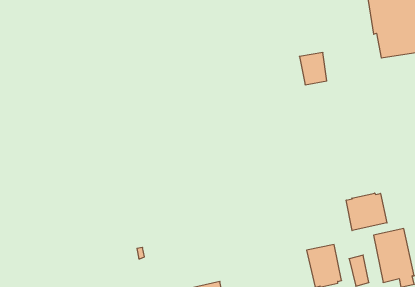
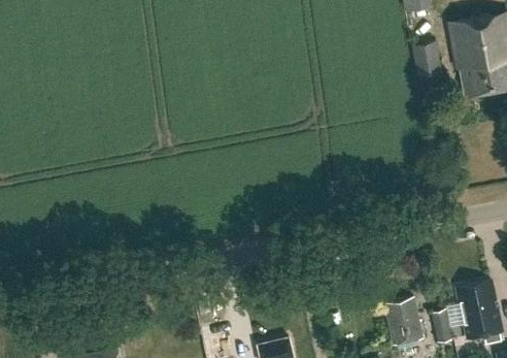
building: [299,53,327,85] -> [410,41,440,76]
building: [346,193,387,231] -> none

